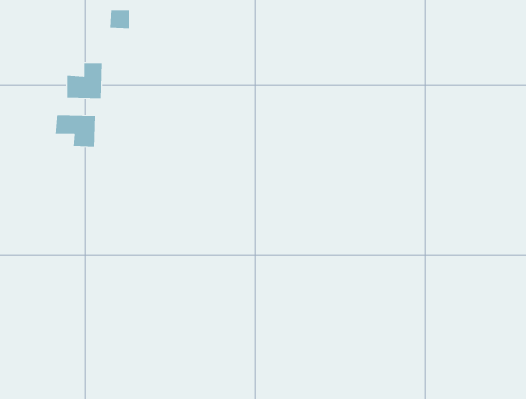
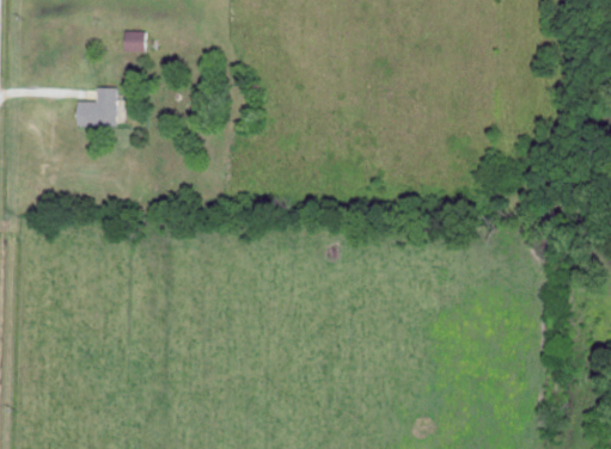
building: [55,114,95,148] -> none

